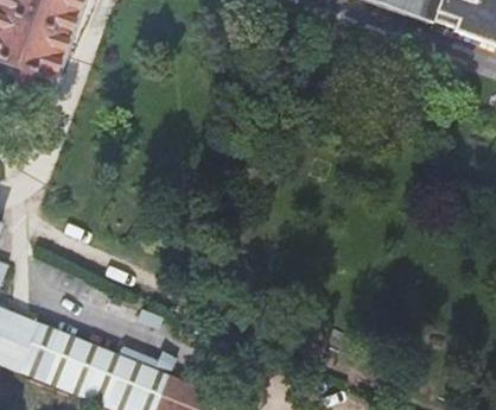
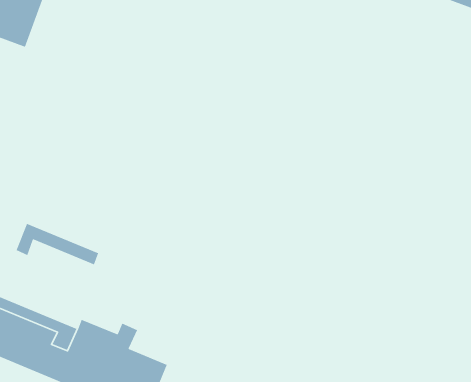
building: none -> [15,223,99,265]

